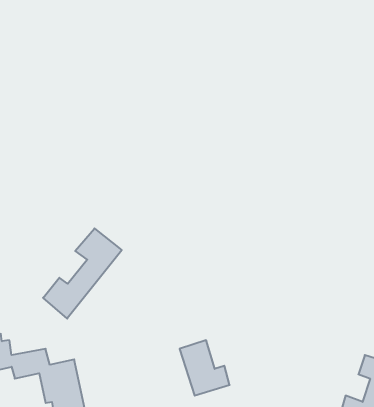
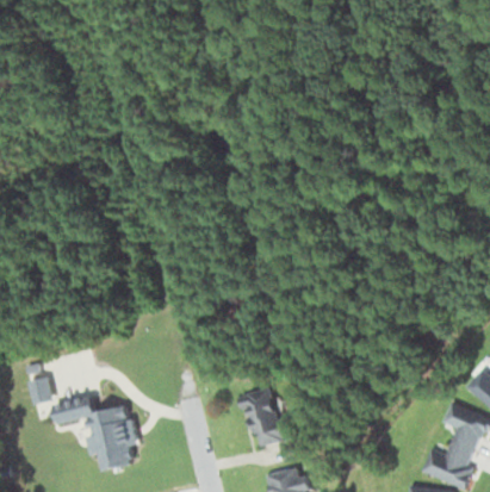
building: [43,228,122,319] -> none

